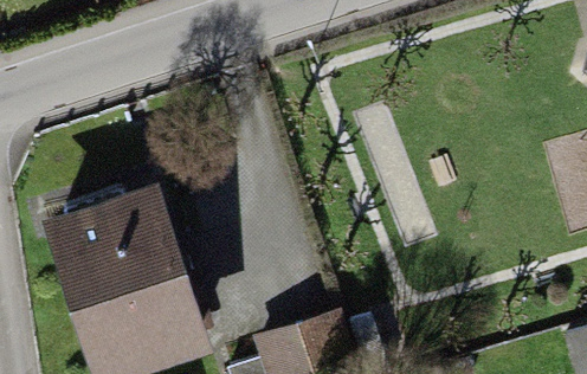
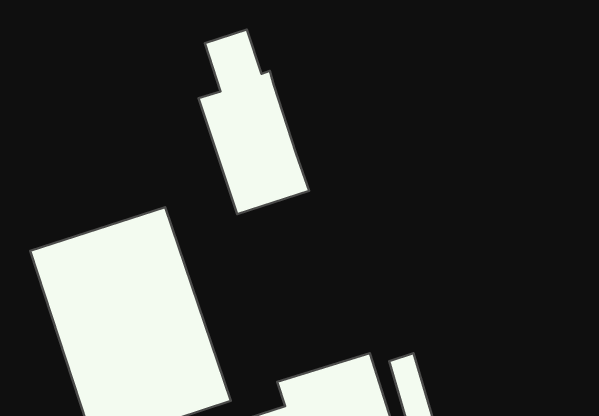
building: none -> [199,29,309,214]

